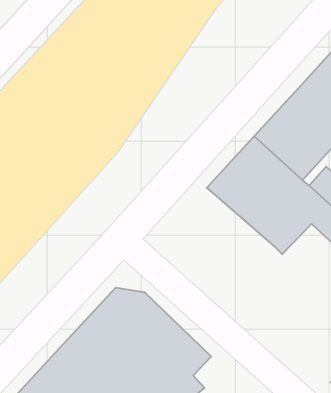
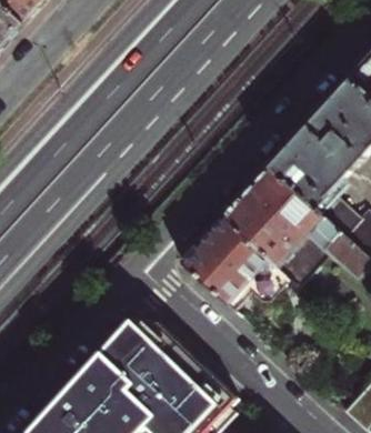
building: none -> [182,219,289,309]

